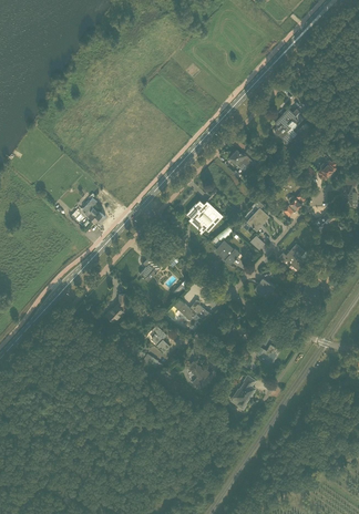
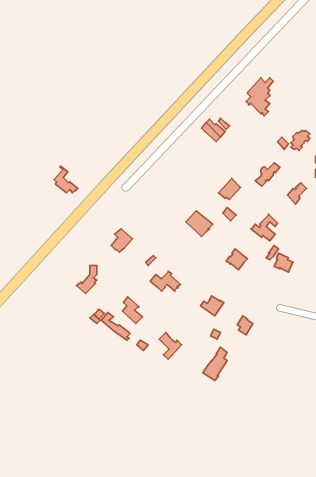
building: [186,199,223,232] -> none

